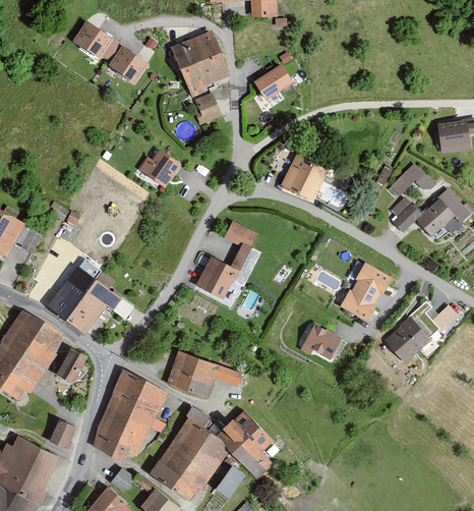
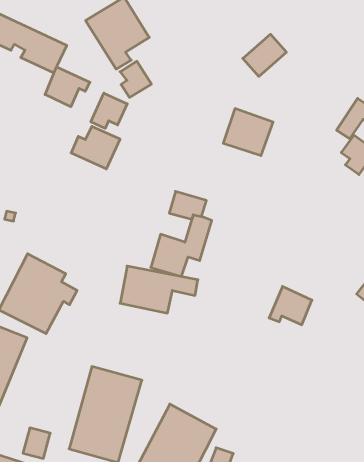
building: [250,68,292,106] -> [243,34,286,76]
building: none -> [45,67,90,107]
building: none -> [91,93,127,128]
building: [339,263,390,320] -> none
building: [57,344,90,382] -> none
building: [167,349,243,399] -> [120,266,198,313]
building: [218,409,274,477] -> none

